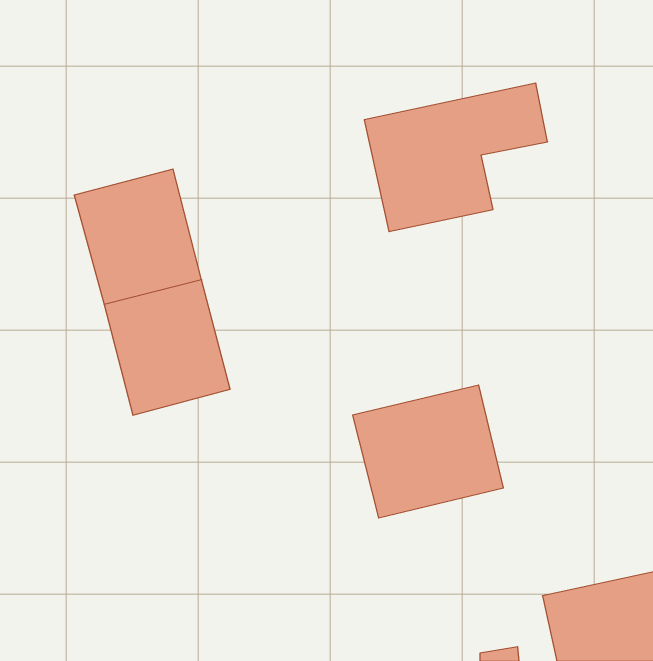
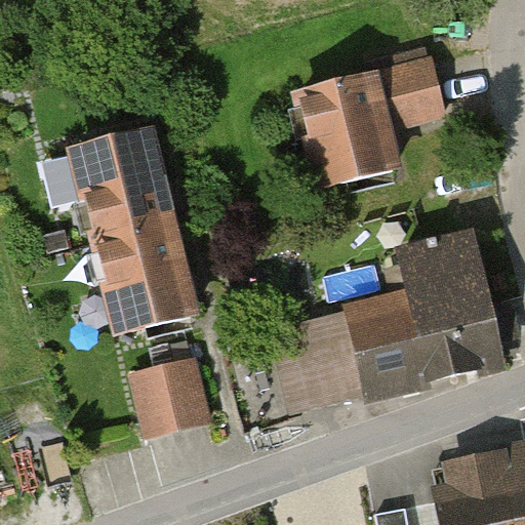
building: none -> [387,217,504,385]
building: none -> [139,360,211,429]

